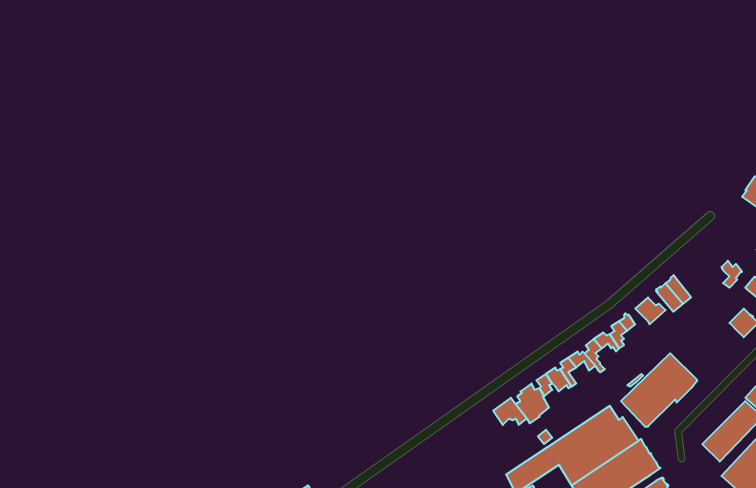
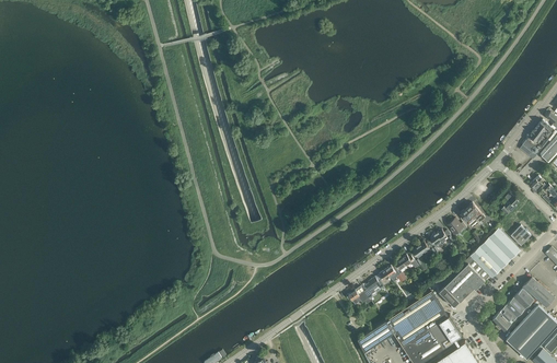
building: none -> [471,229,520,279]

